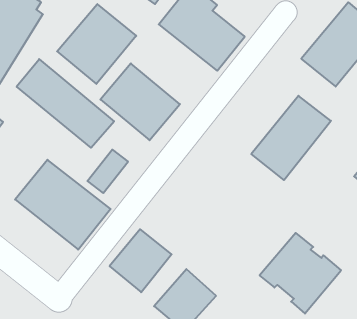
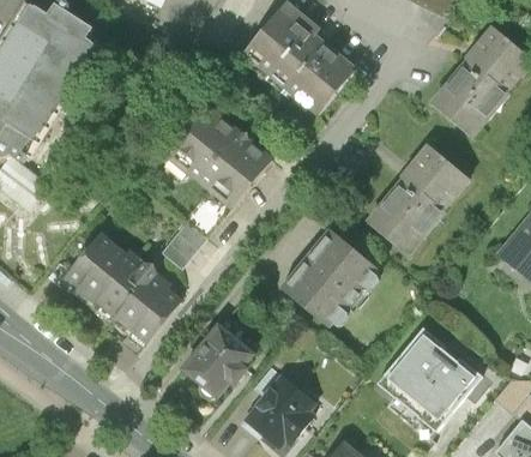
building: [57,4,136,84] -> none
building: [17,59,114,148] -> none
building: none -> [284,227,380,326]

